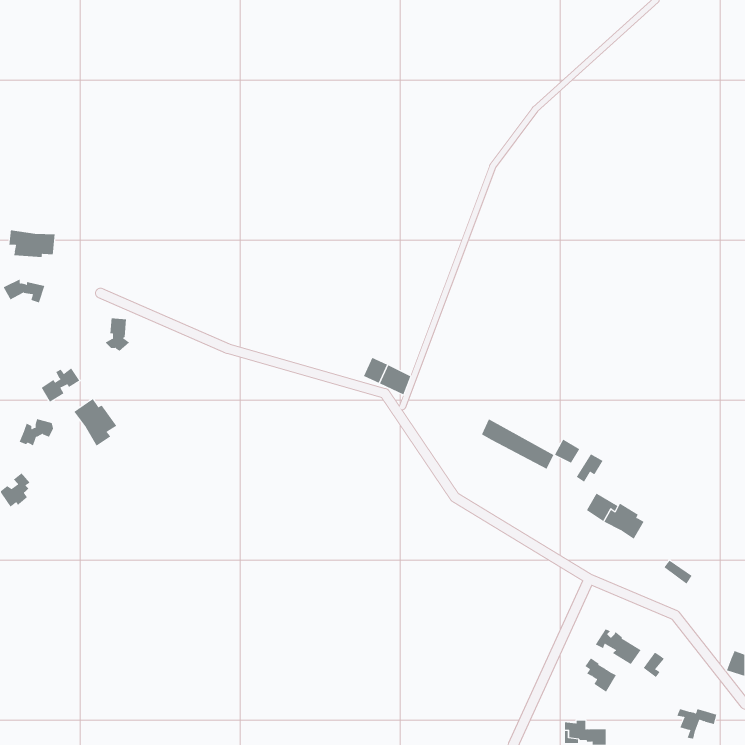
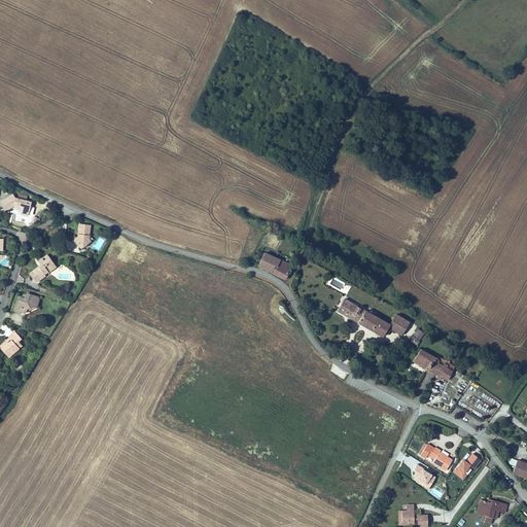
building: [9,229,55,258] -> none
building: [73,398,117,446] -> none

